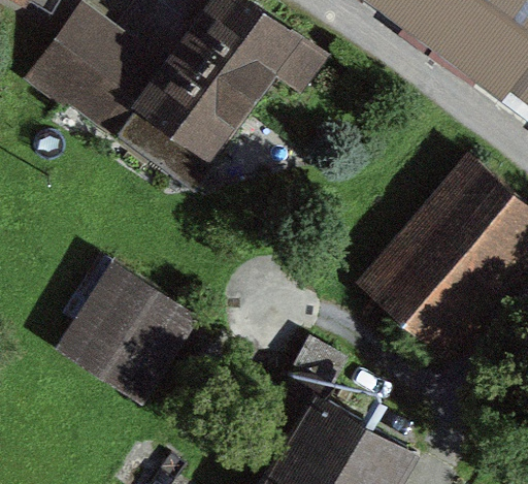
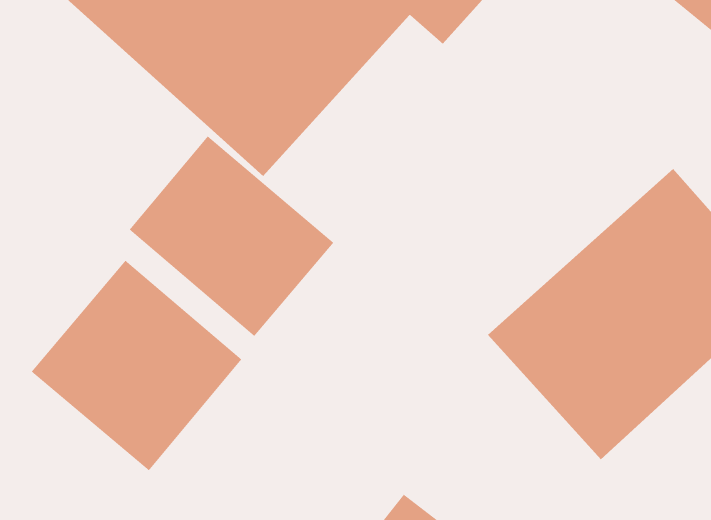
building: none -> [129,135,334,337]

